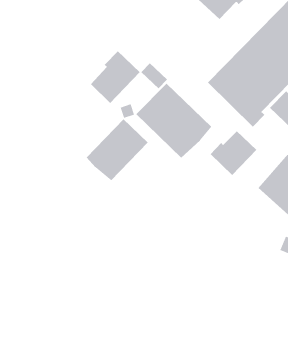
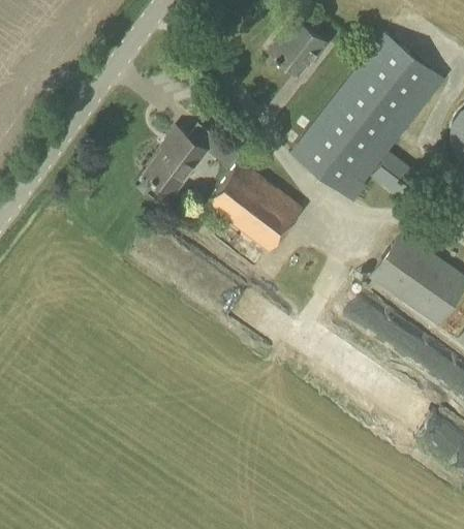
building: [86,119,149,181] -> none
building: [210,131,257,176] -> none

